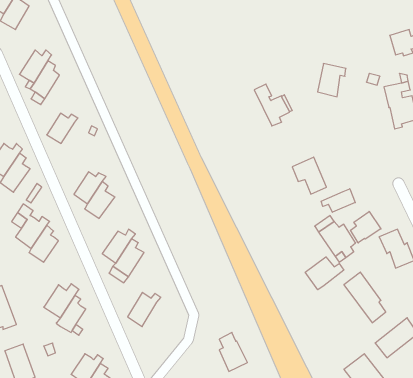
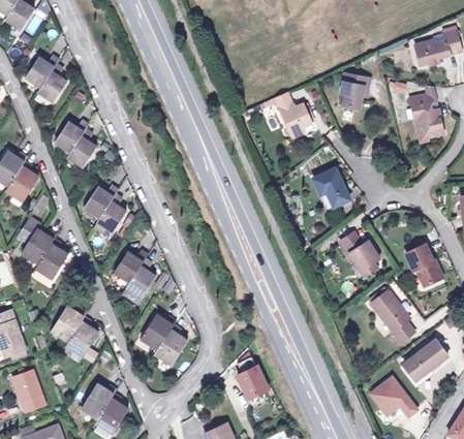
building: none -> [66,133,95,169]
building: [321,189,355,212] -> none
building: [350,211,381,243] -> none
building: [305,257,344,290] -> none
building: none -> [152,324,185,367]

